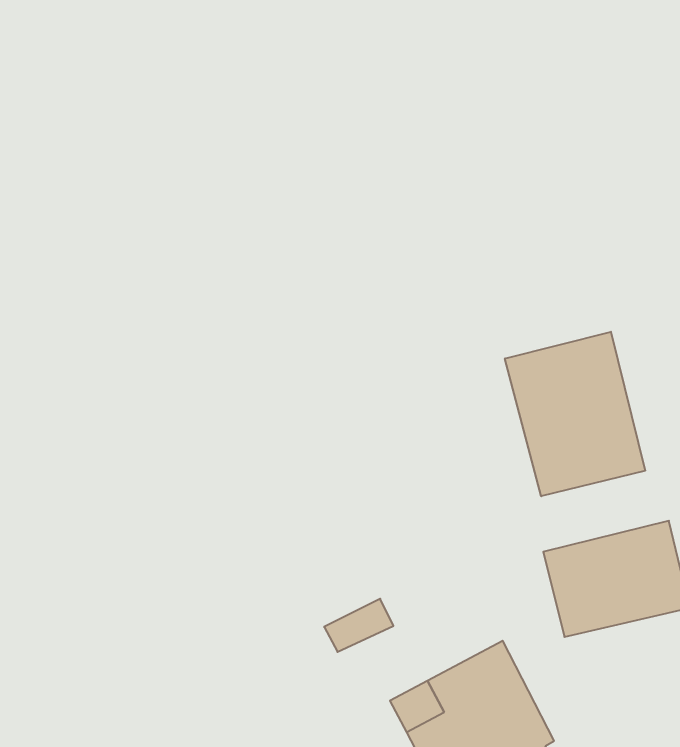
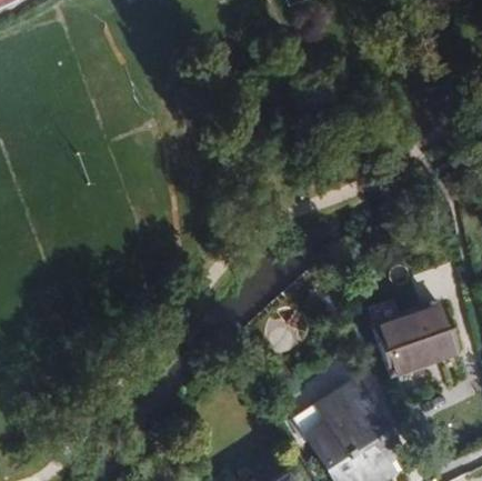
building: [505,332,645,496] -> none

